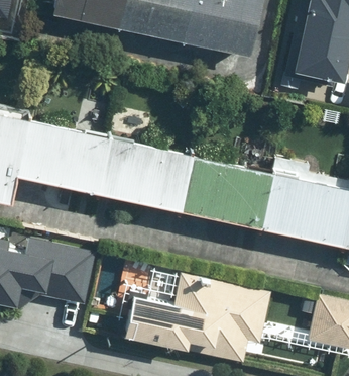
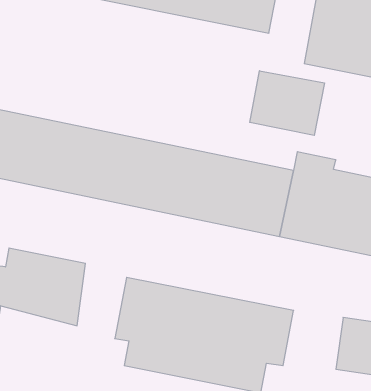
building: none -> [250,71,324,135]

